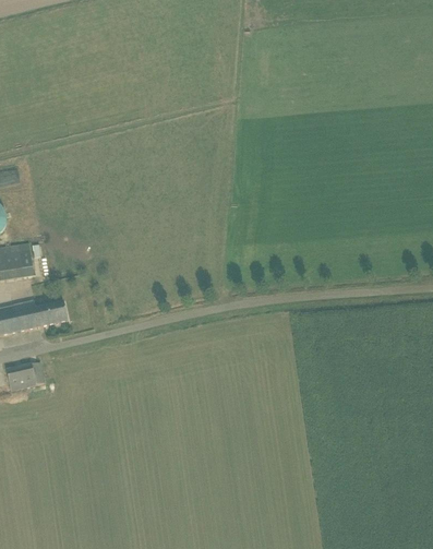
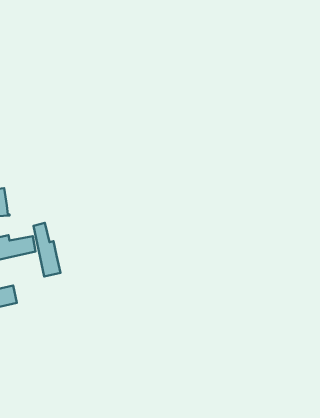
building: none -> [34,223,60,276]

